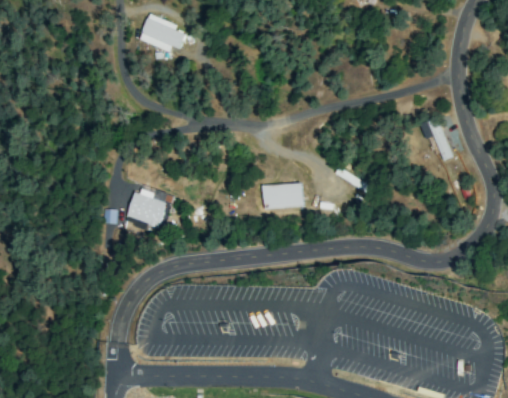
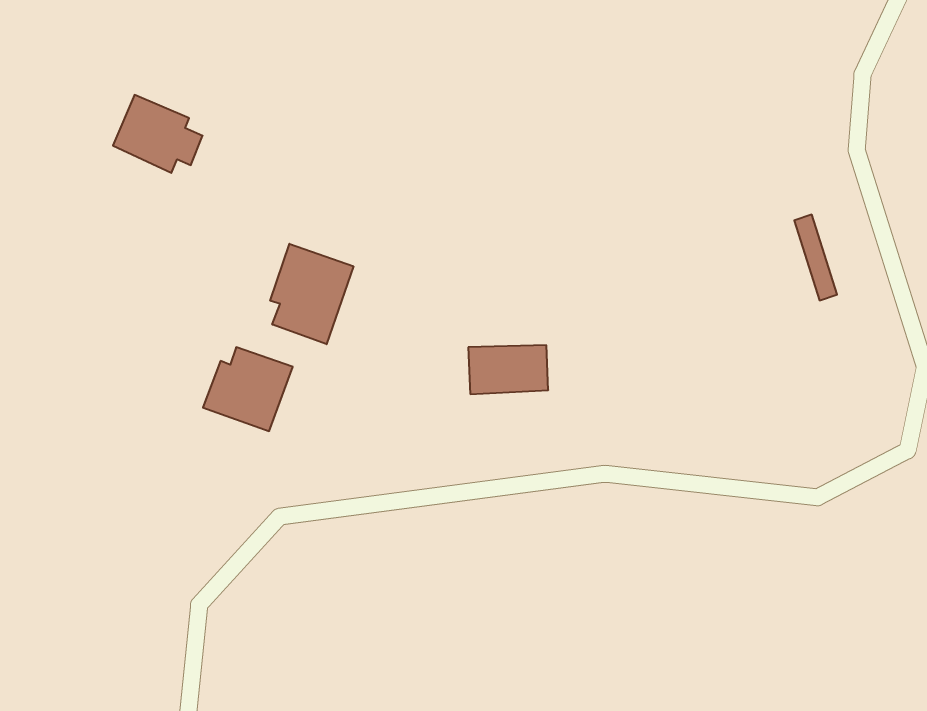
building: [137,13,183,53] -> [113,95,203,173]
building: none -> [270,244,353,344]

